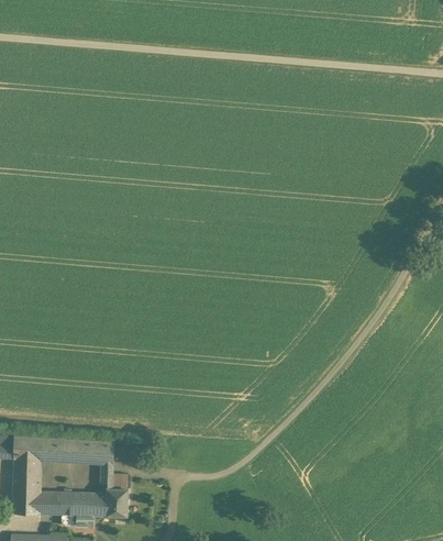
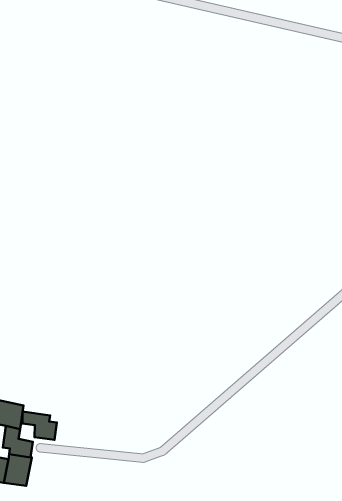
building: none -> [22,412,57,440]

